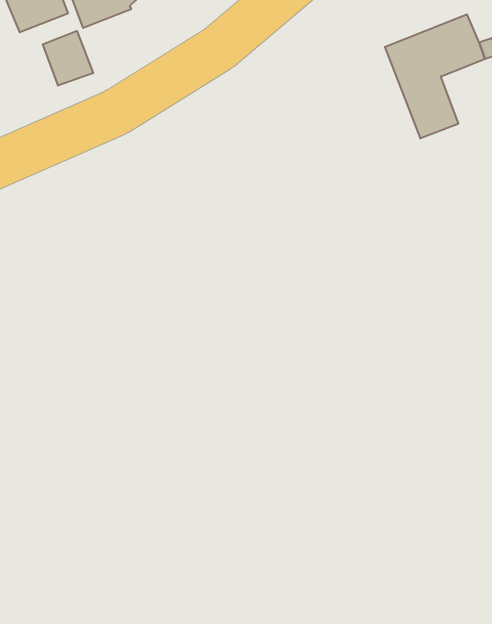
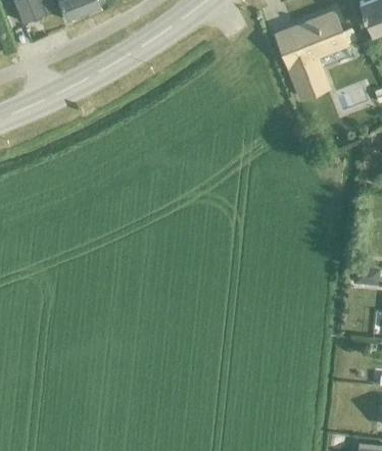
building: [43,31,93,86] -> none

